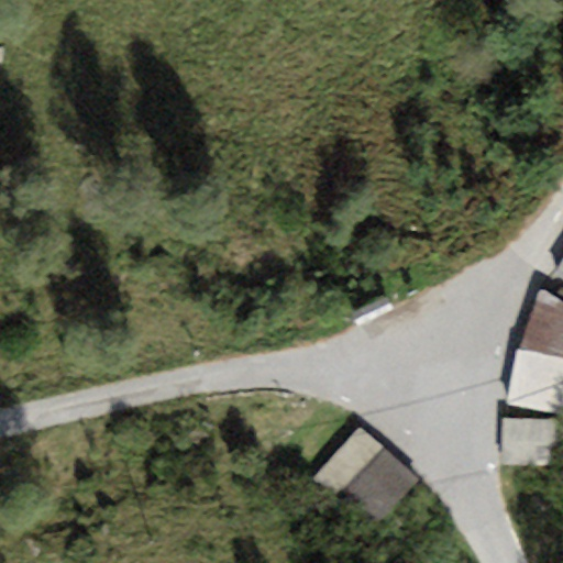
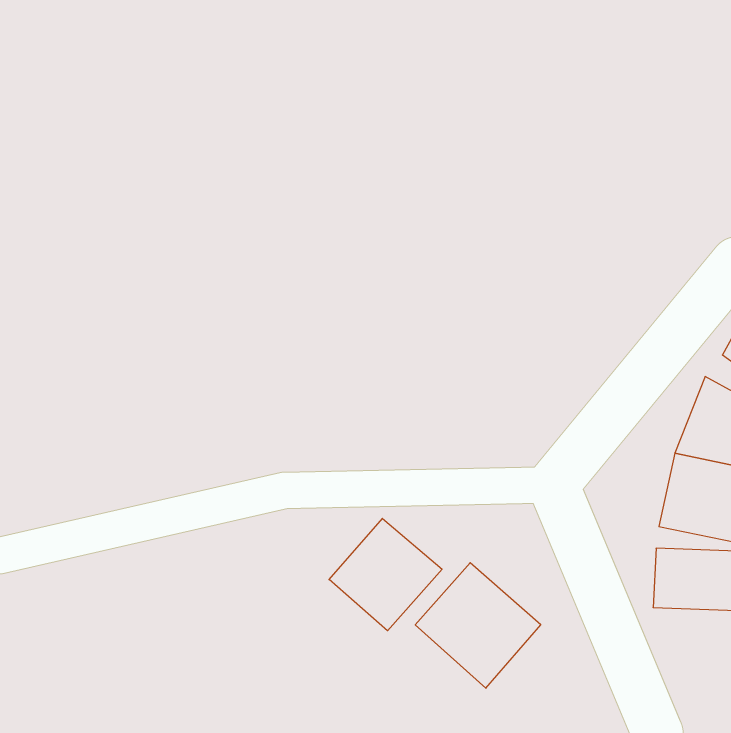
building: none -> [329,518,442,631]

